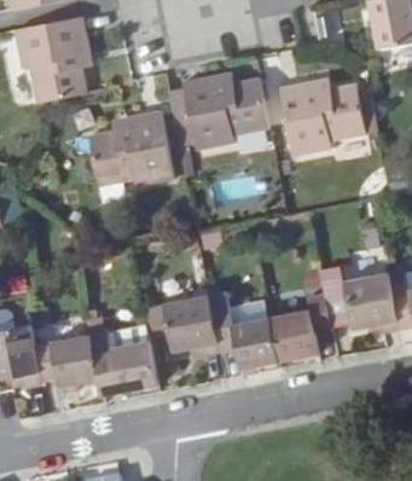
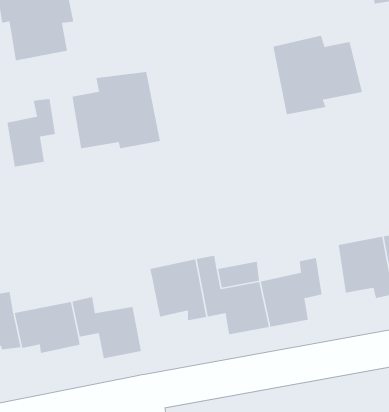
building: [170,71,269,149] -> none
building: none -> [7,98,56,167]

